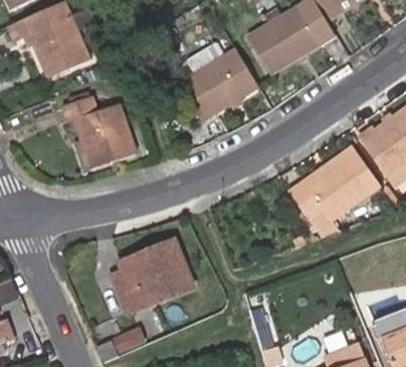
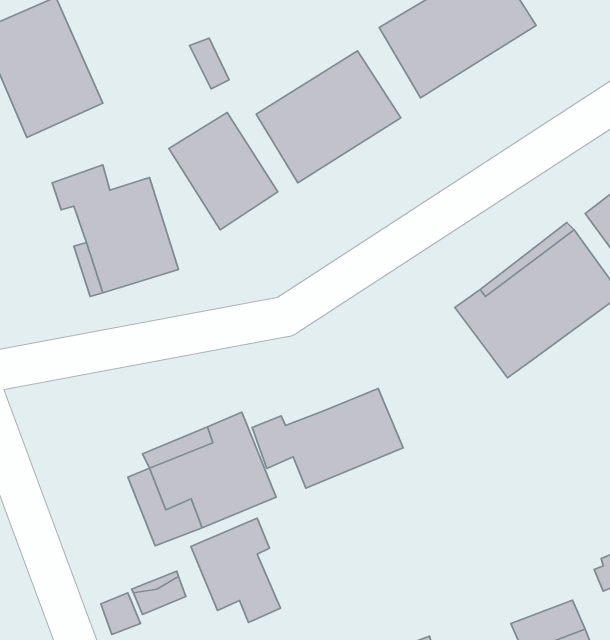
building: none -> [169,112,278,230]
building: none -> [252,388,403,488]
building: none -> [191,518,281,622]

